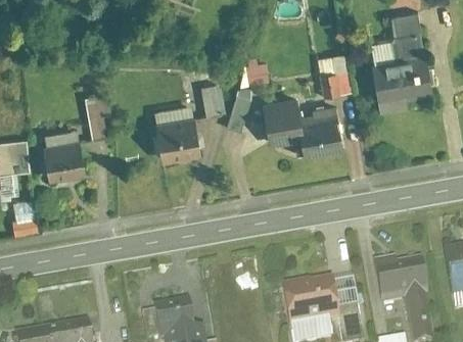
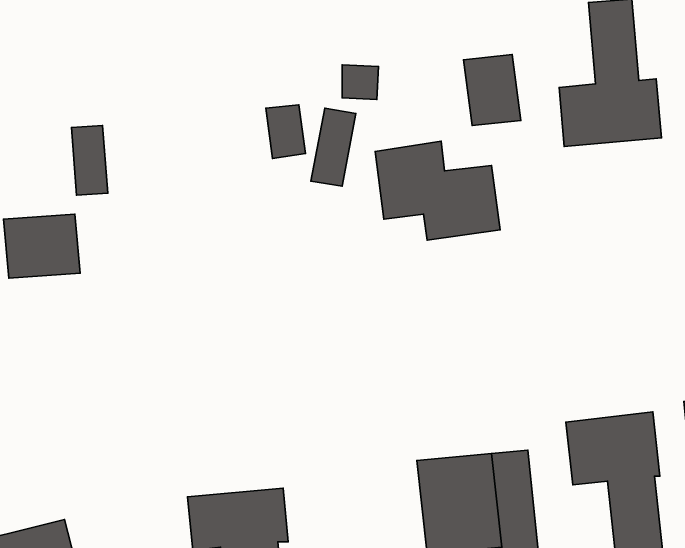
building: [158,113,200,155] -> none

